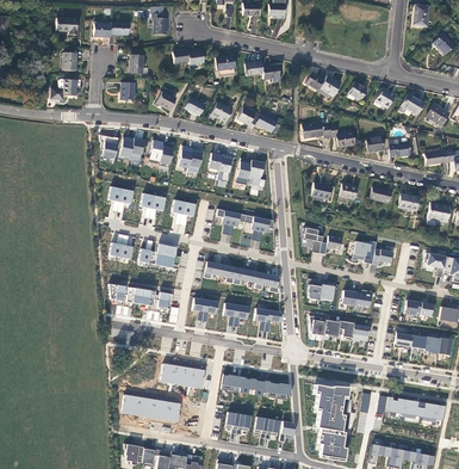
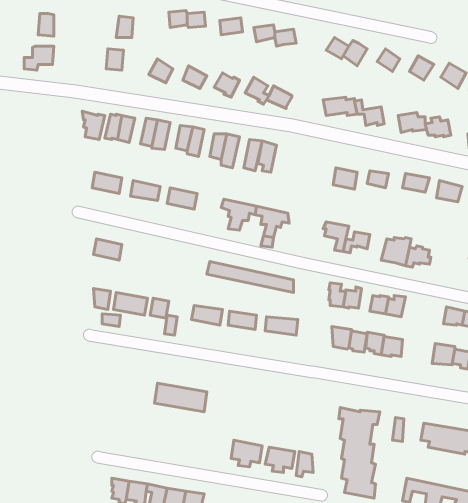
building: [139,243,181,269] -> none
building: [222,374,292,400] -> none
building: [122,394,181,421] -> none

